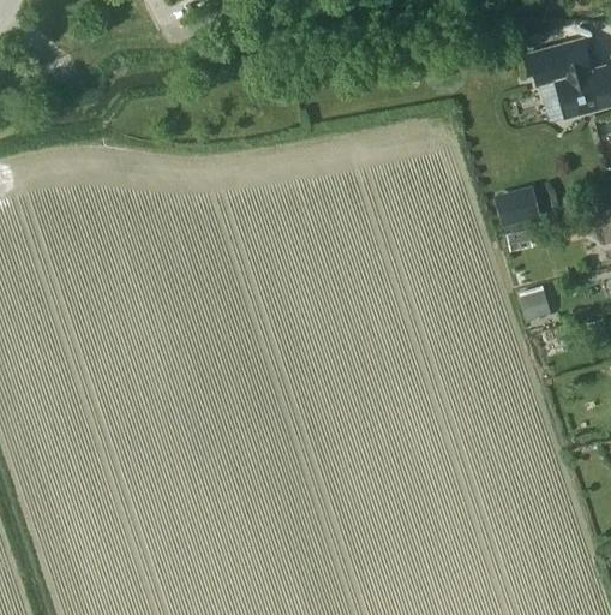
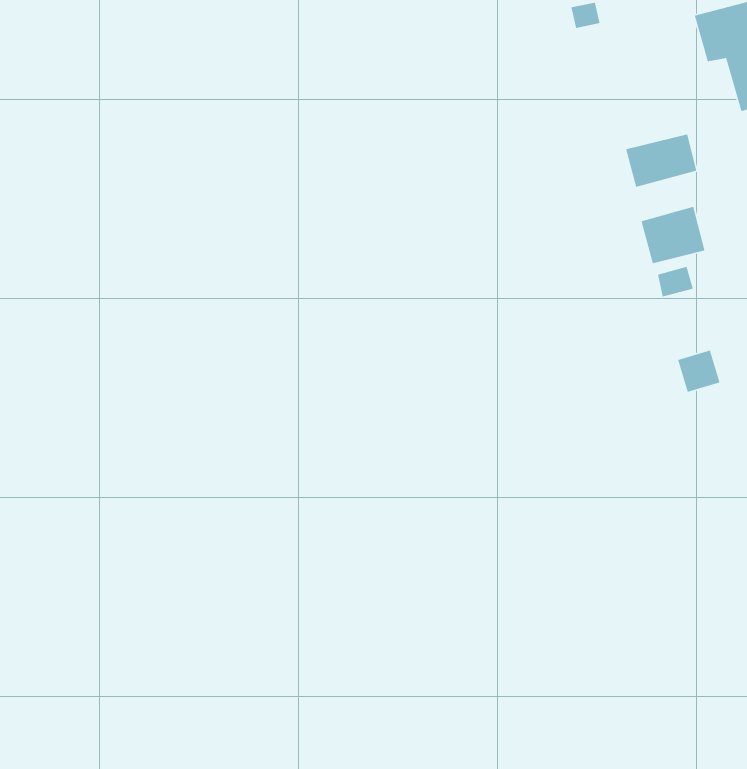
building: none -> [625,134,697,188]

